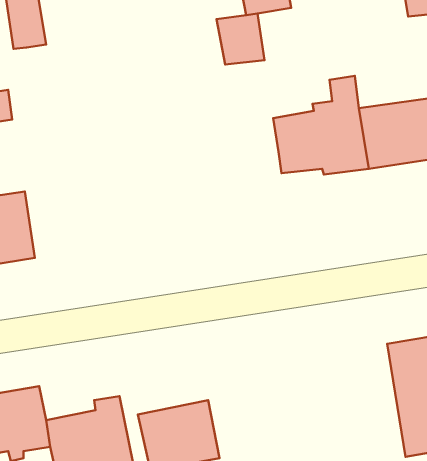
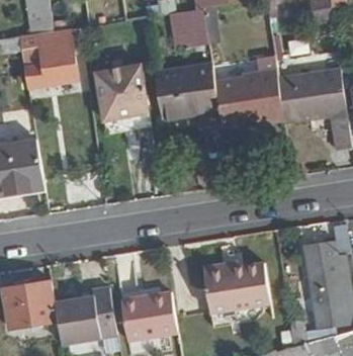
building: none -> [28,30,77,86]
building: none -> [155,63,220,118]
building: none -> [99,65,153,126]
building: none -> [202,263,271,315]

